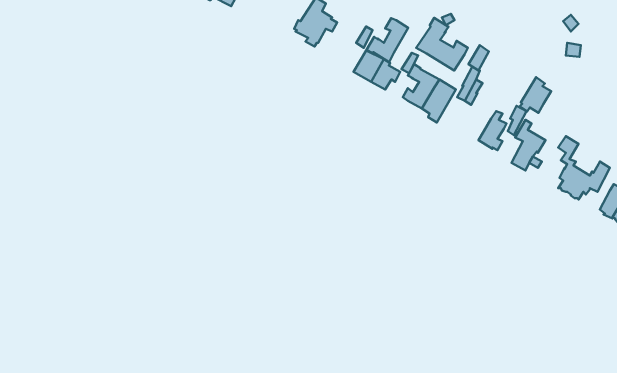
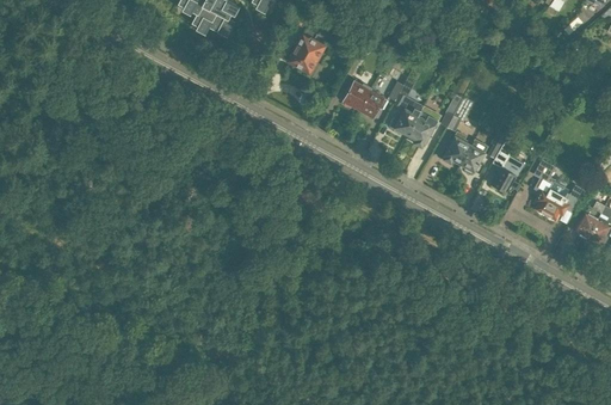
building: [416,18,468,70] -> none
building: [367,18,408,62] -> none
building: [520,77,551,113] -> [443,130,473,164]

